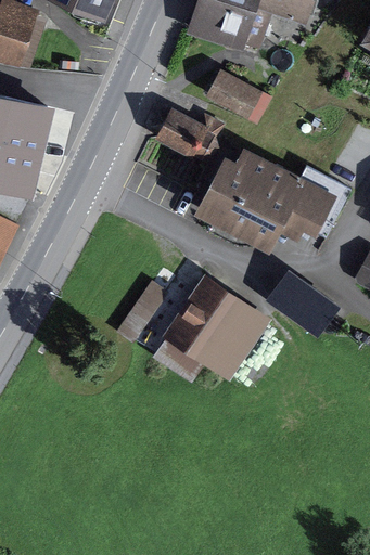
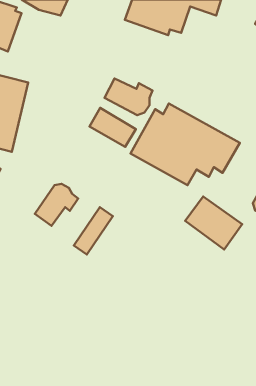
building: [206,69,268,121] -> [89,108,136,147]
building: none -> [35,184,78,226]
building: [152,272,272,382] -> none

